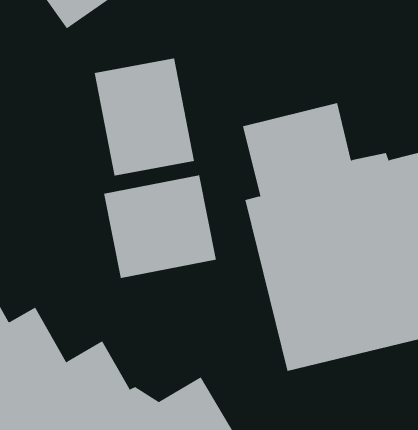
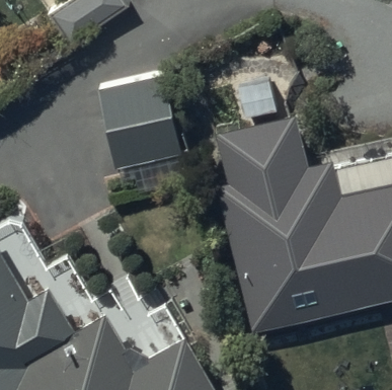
building: [103,175,217,279] -> none

